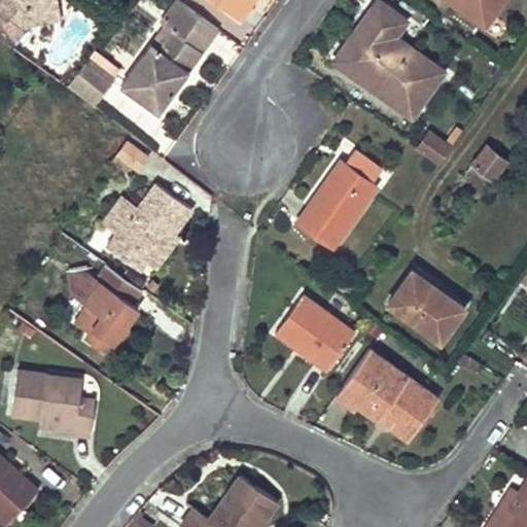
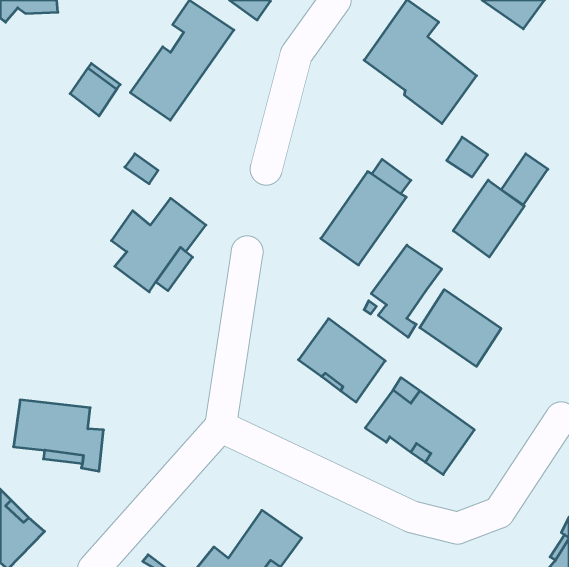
building: none -> [453,180,524,257]
building: none -> [371,245,442,337]
building: [75,266,145,348] -> none

